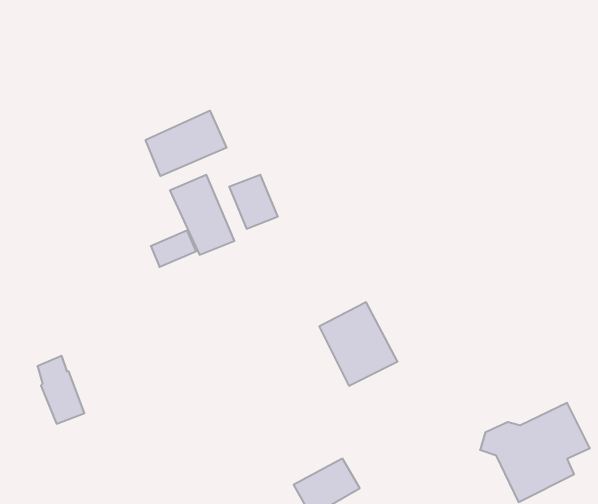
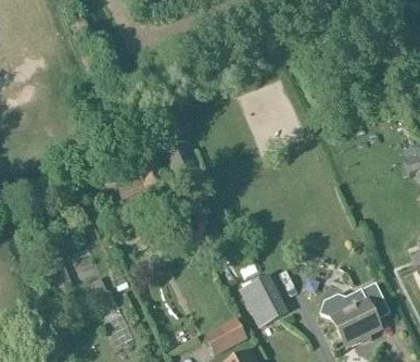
building: [146,111,227,176] -> none
building: [319,302,398,386] -> [242,273,291,325]

